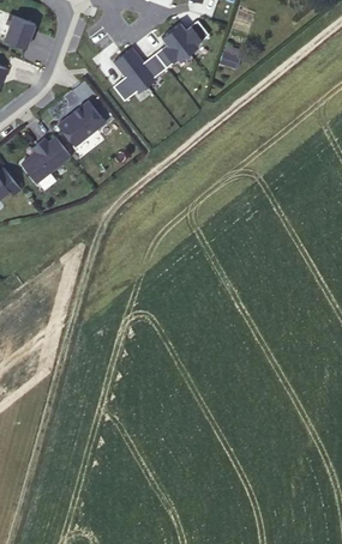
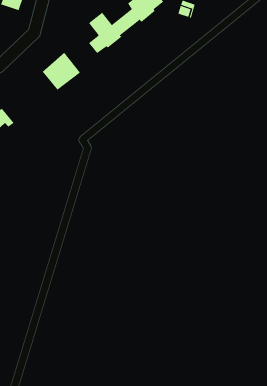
building: [19,133,70,182] -> none

